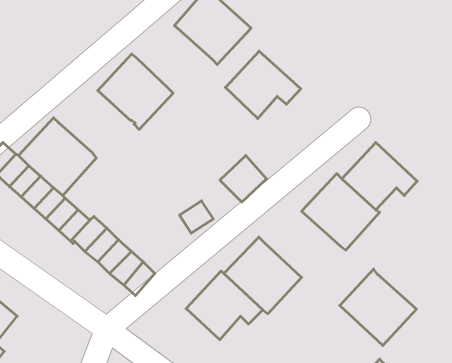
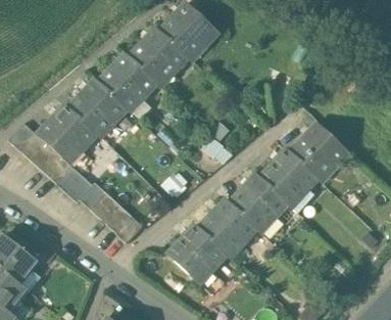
building: [225,51,301,119] -> [129,28,188,81]
building: none -> [67,79,128,131]
building: [340,269,416,346] -> [229,173,289,233]

